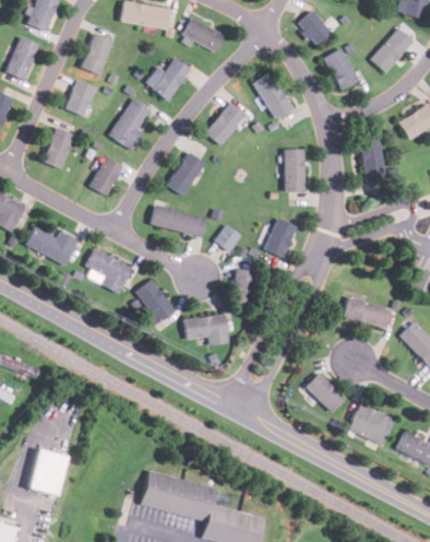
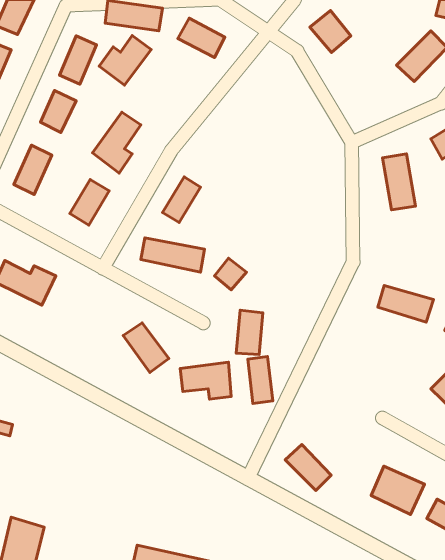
building: [323,48,359,91] -> none
building: [146,58,191,101] -> [99,36,151,85]
building: [253,72,292,118] -> none
building: [205,103,244,144] -> none
building: [284,149,304,191] -> none
building: [264,219,297,258] -> none
building: [85,248,132,294] -> none
building: [343,297,391,329] -> [378,286,434,322]
building: none -> [248,357,273,404]
building: [306,373,345,412] -> [285,445,331,490]

